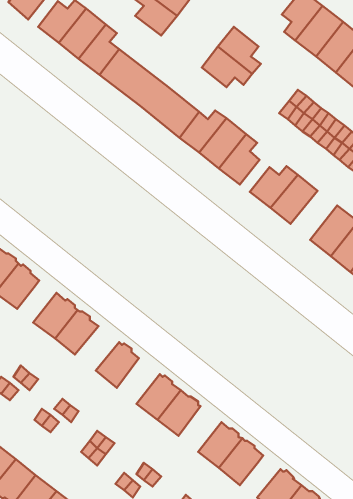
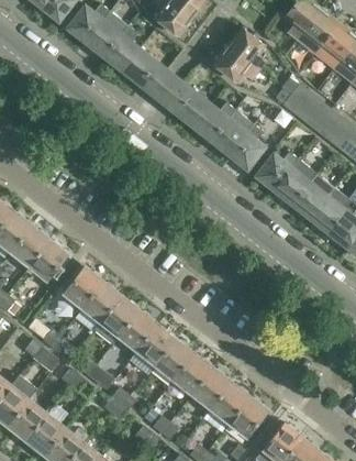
building: none -> [292,175,334,219]
building: none -> [100,296,140,336]
building: none -> [137,325,176,365]
building: none -> [192,367,231,408]

